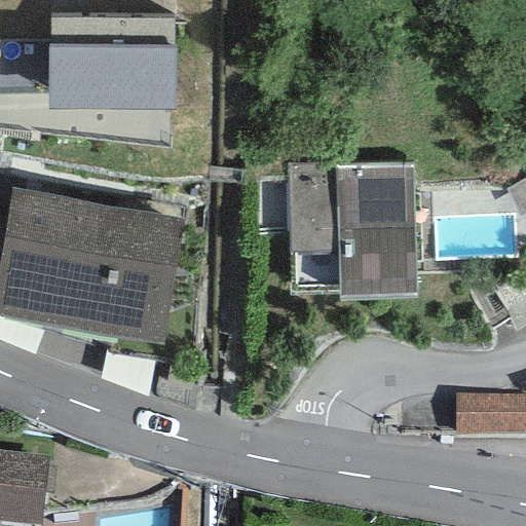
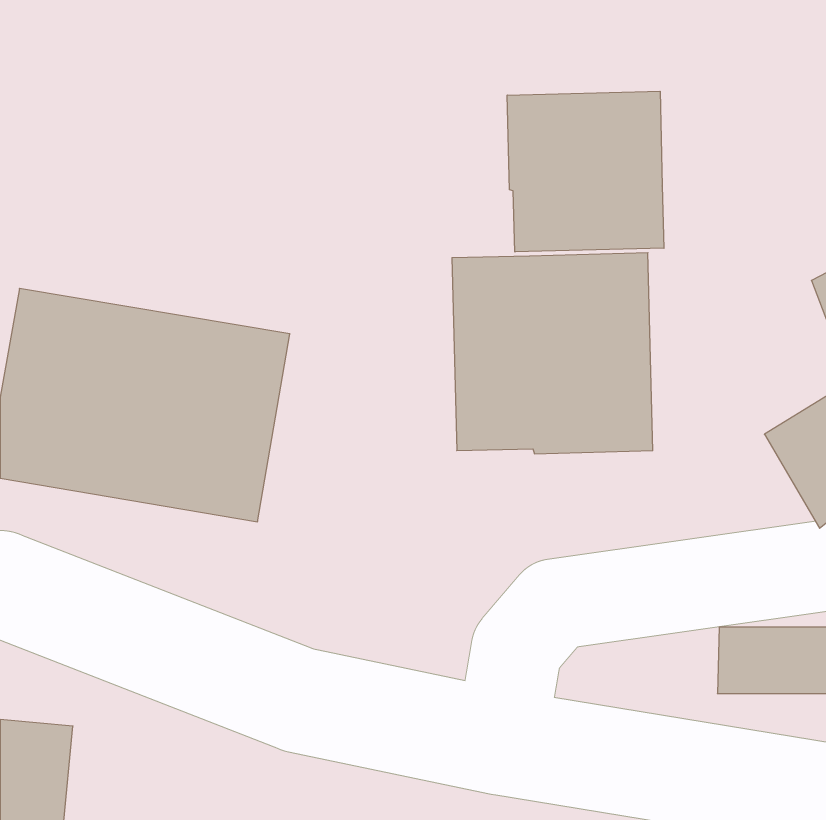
building: [49,18,177,107] -> none
building: none -> [507,91,664,252]

